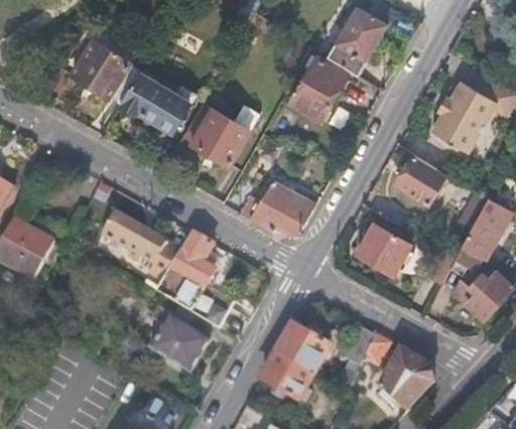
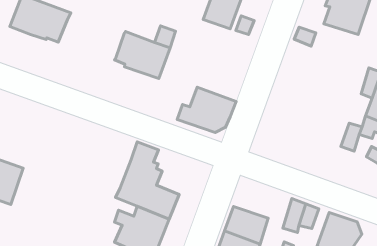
building: [121,78,199,131] -> none
building: [396,155,444,203] -> none
building: [104,212,182,281] -> none
building: [357,223,411,274] -> none

